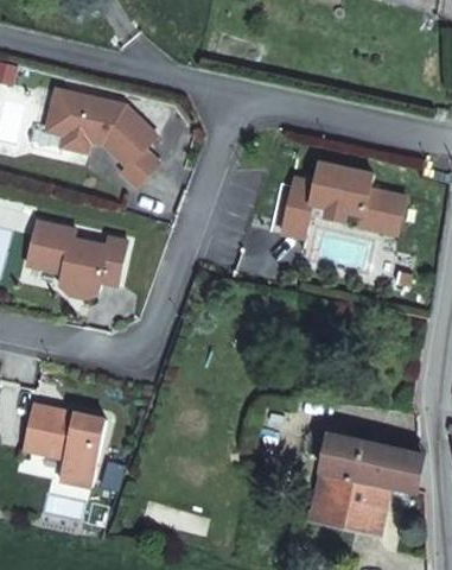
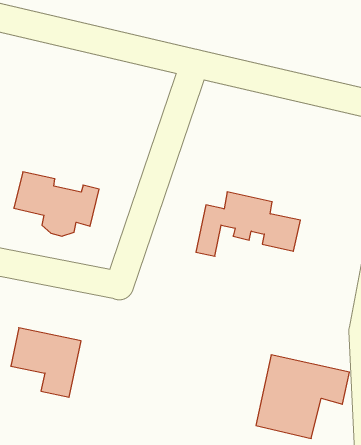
building: [46,88,158,184] -> none
building: [282,163,406,239] -> [196,192,300,256]

